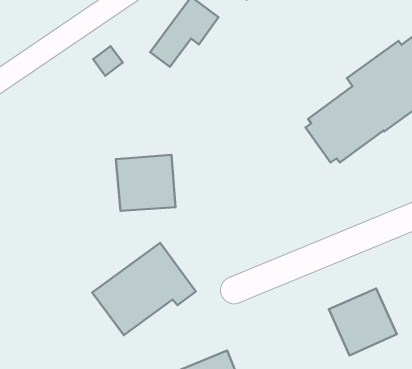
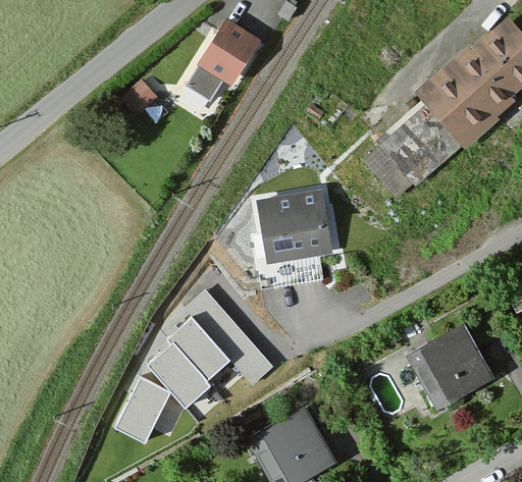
building: [116,155,175,211] -> [260,190,331,257]
building: none -> [120,376,172,439]

